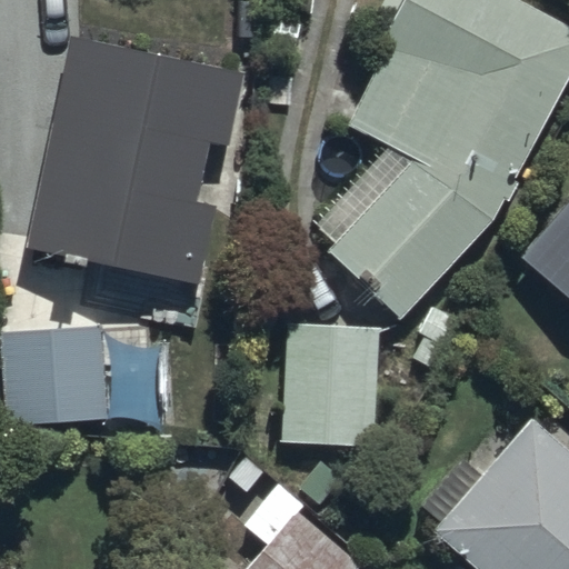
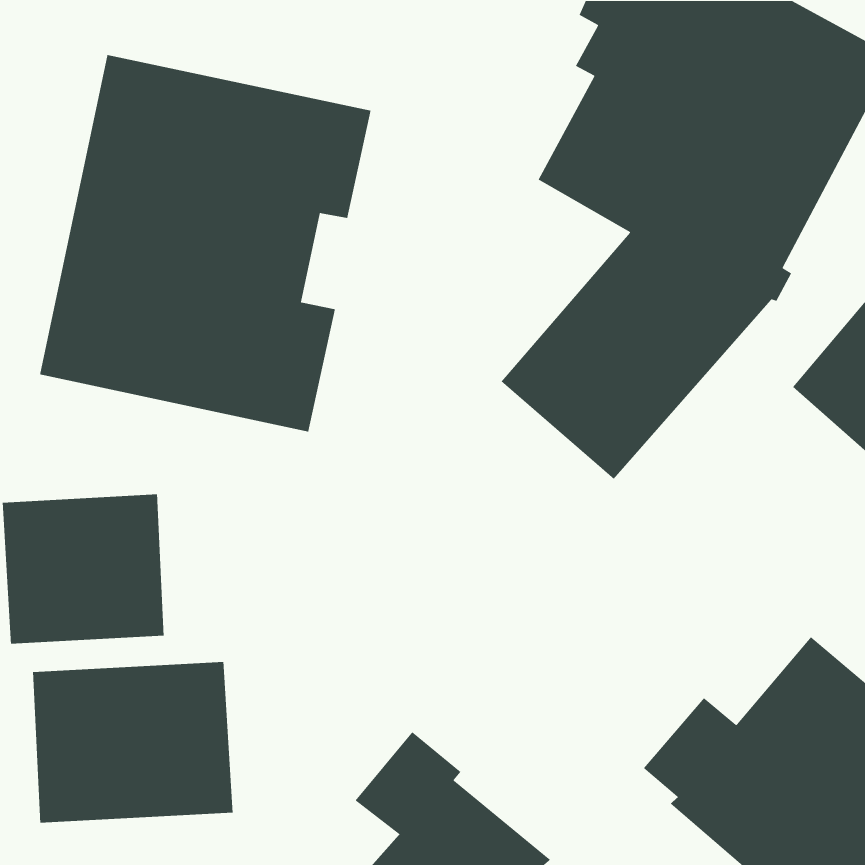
building: [278,326,381,448] -> none
building: none -> [32,661,233,824]

